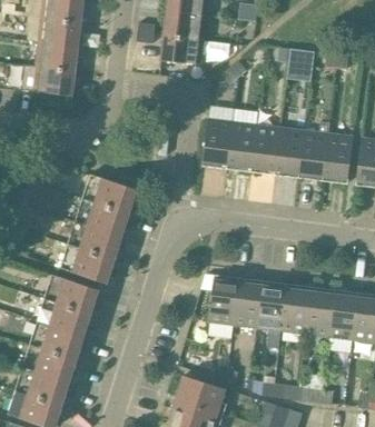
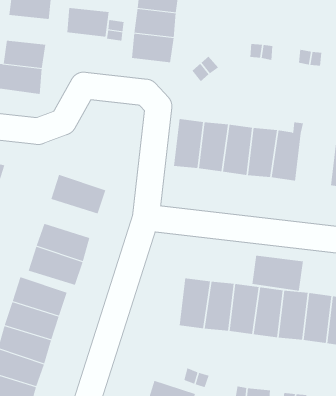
building: [39,19,81,48] -> [66,7,110,37]
building: [323,135,353,185] -> none
building: [76,199,129,237] -> none
building: none -> [252,255,303,292]

